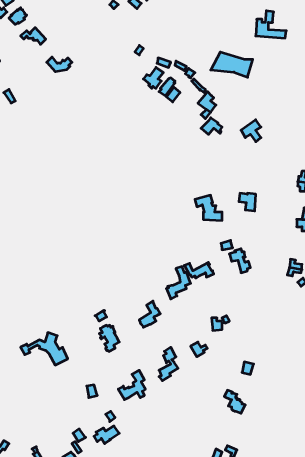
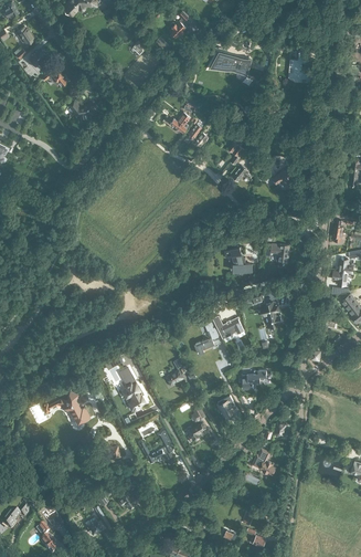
building: [211,52,253,77] -> [208,50,252,76]

